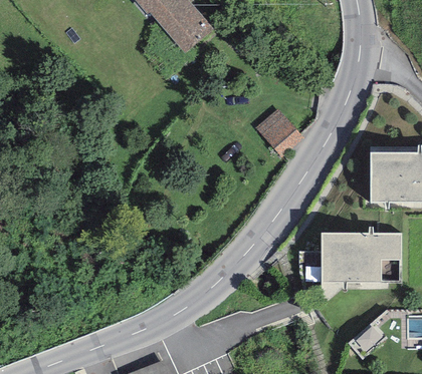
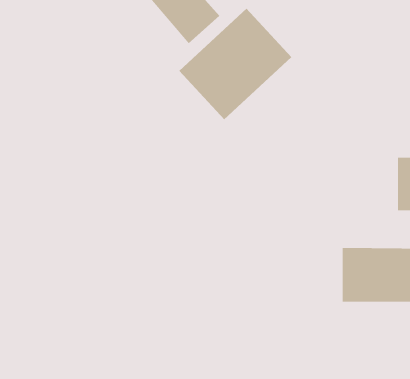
building: none -> [179,8,292,120]
building: [255,109,302,157] -> none

